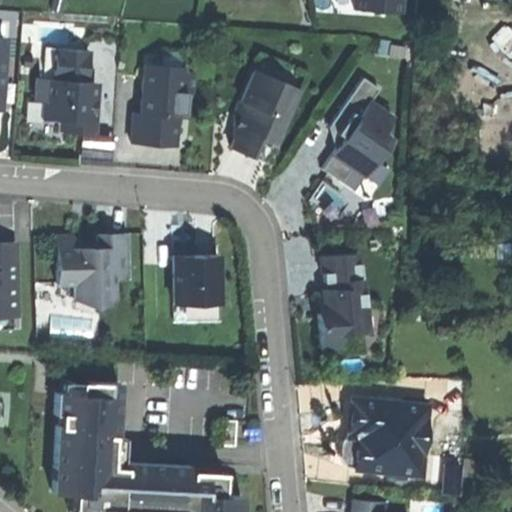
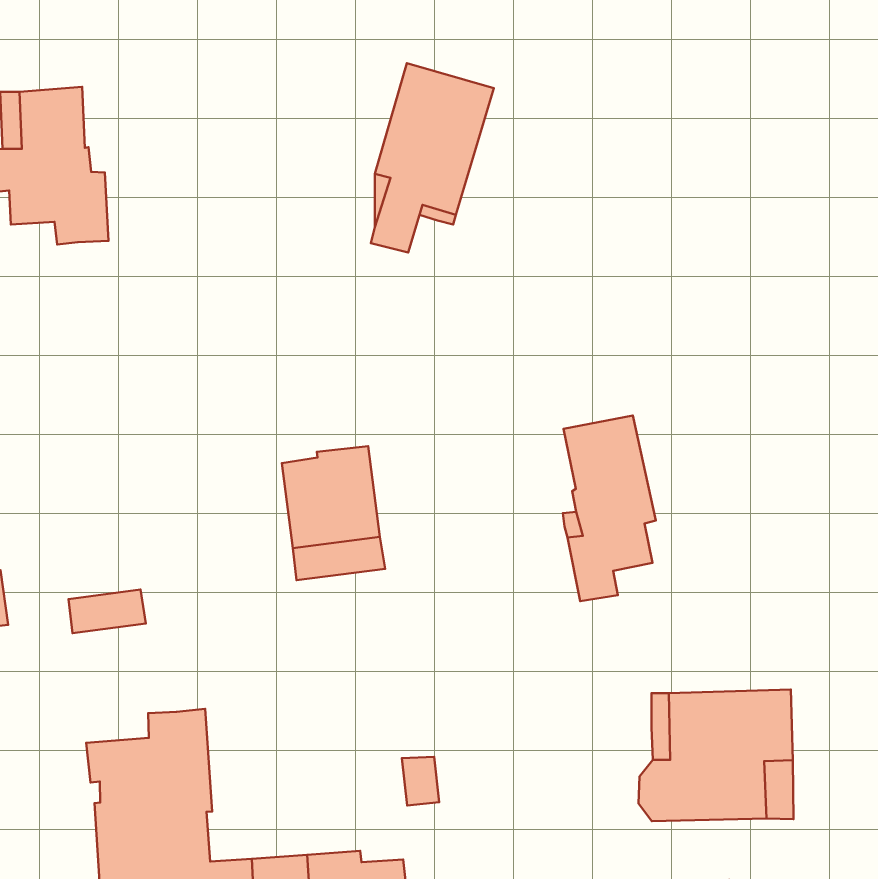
building: [133,66,194,147] -> none
building: [325,87,404,190] -> none
building: [56,235,131,307] -> none

